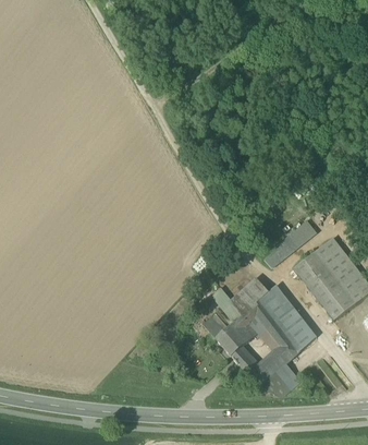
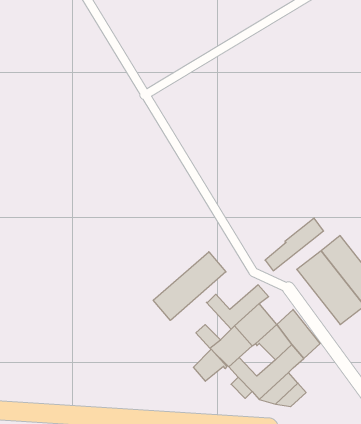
building: none -> [153,252,226,320]
building: [258,284,290,317] -> none
building: none -> [193,349,227,381]

